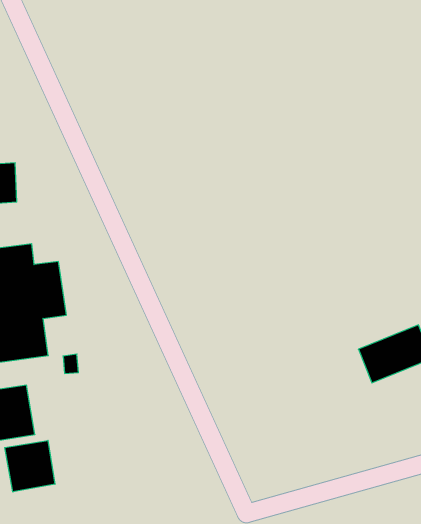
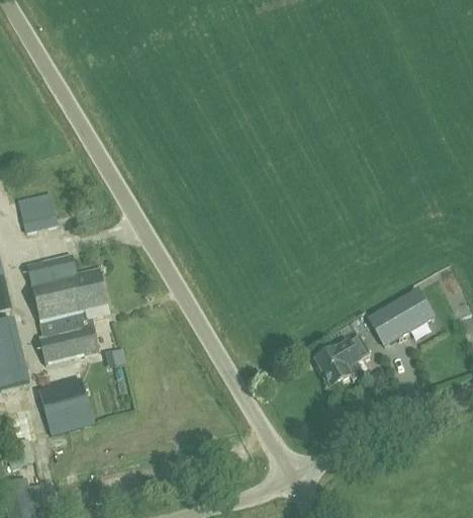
building: none -> [314,334,370,387]
building: [5,440,55,492] -> none

